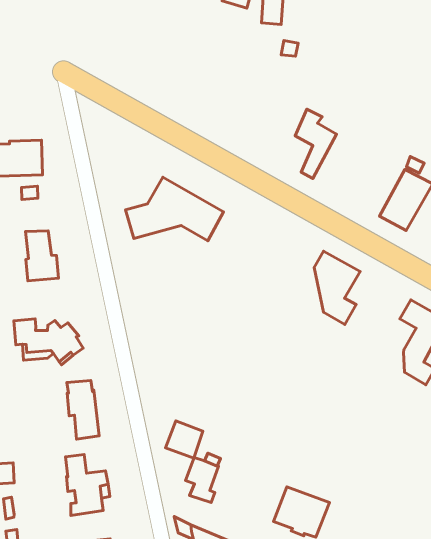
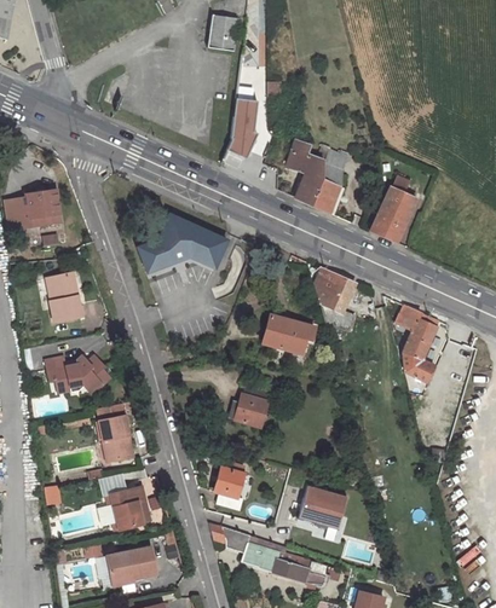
building: none -> [229,98,263,158]
building: none -> [307,150,348,214]
building: none -> [263,315,315,353]
building: [166,421,203,458] -> [236,394,269,427]

